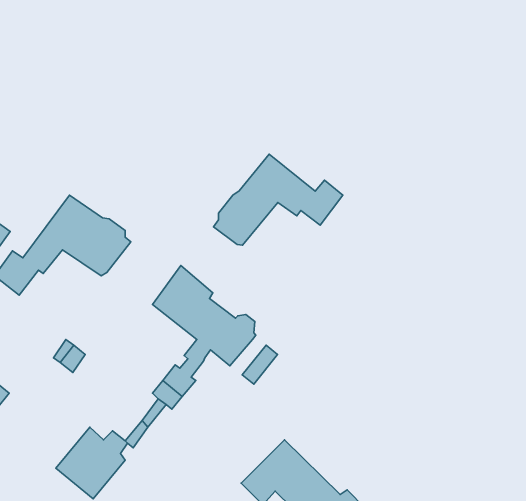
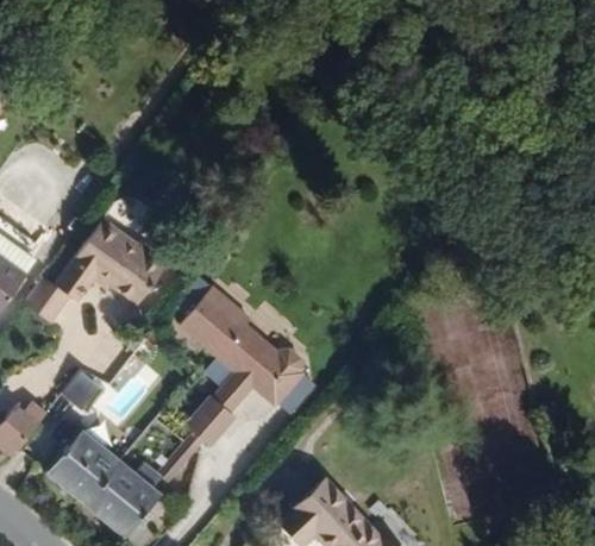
building: [213,154,343,245] -> none
building: none -> [46,432,121,506]

